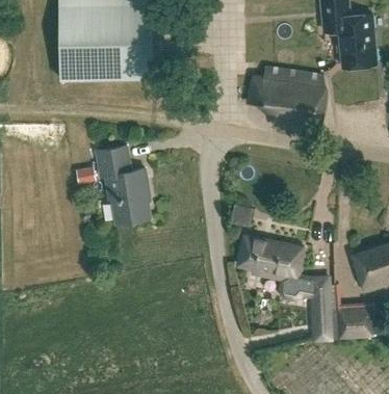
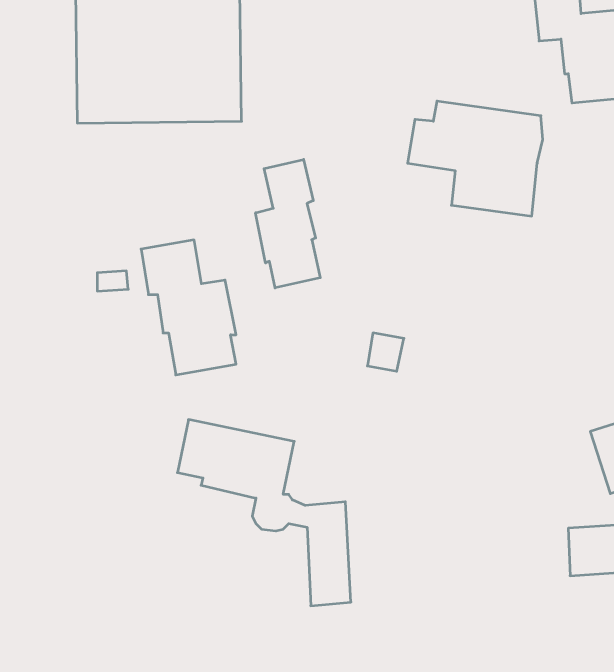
building: none -> [256,159,320,288]
building: [238,235,337,341] -> [177,420,351,606]

